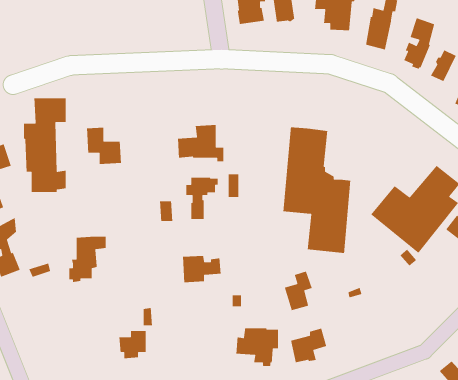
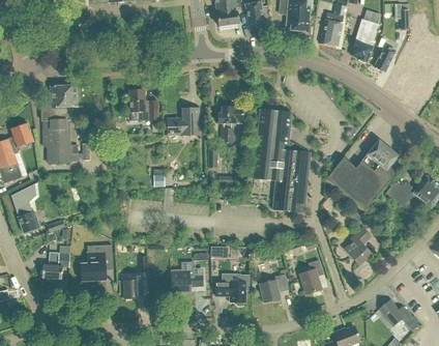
building: [86,127,122,165] -> [128,89,157,120]
building: [185,177,218,220] -> [217,107,244,142]
building: [68,236,106,283] -> [81,243,112,282]
building: [182,255,222,283] -> [171,269,203,292]
building: none -> [344,226,371,264]
building: [284,271,313,311] -> [299,259,323,292]
building: none -> [40,251,69,279]

